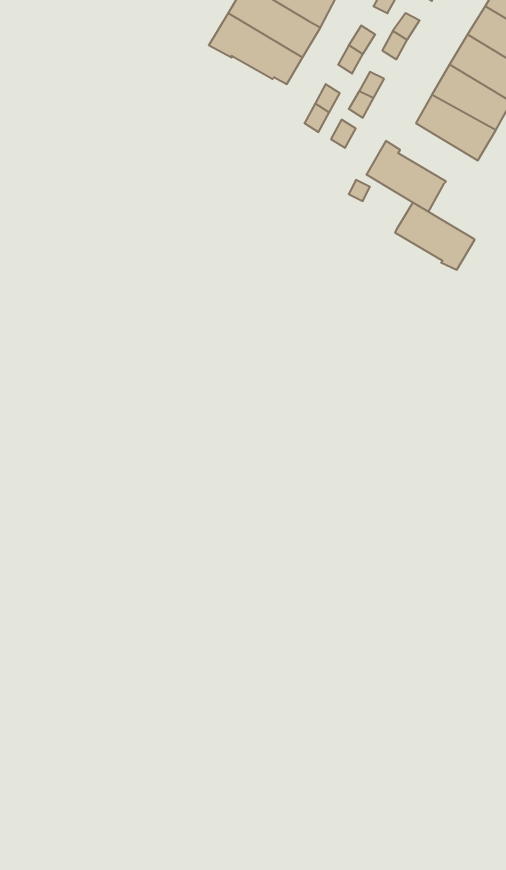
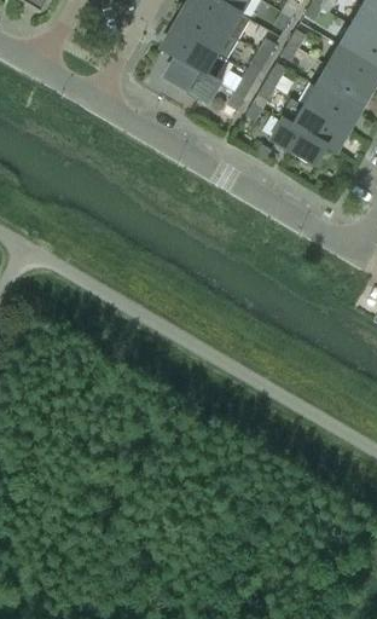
building: none -> [167,57,224,103]
building: [395,202,475,270] -> [292,103,347,149]

